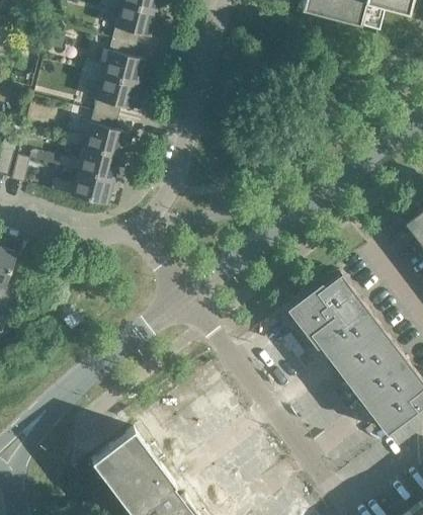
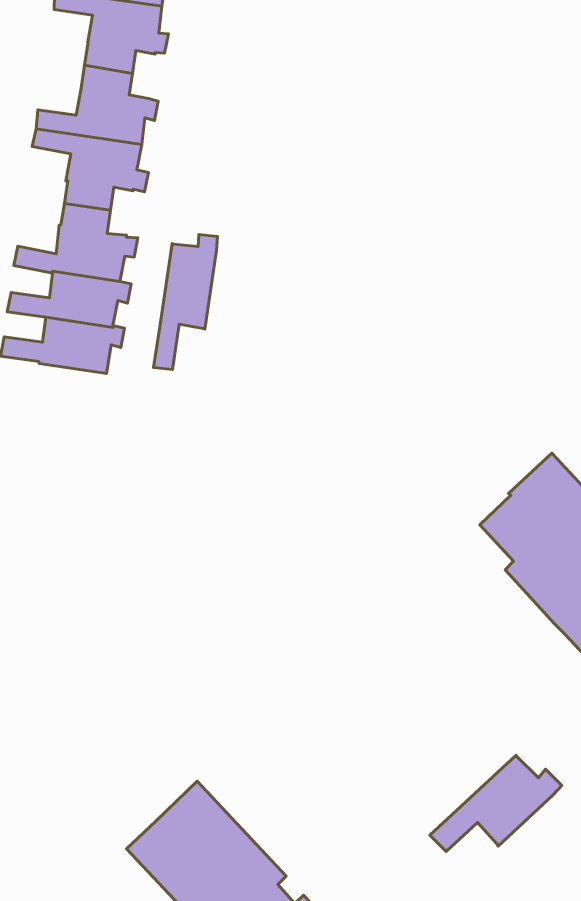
building: none -> [154,235,218,369]
building: none -> [430,755,562,851]

